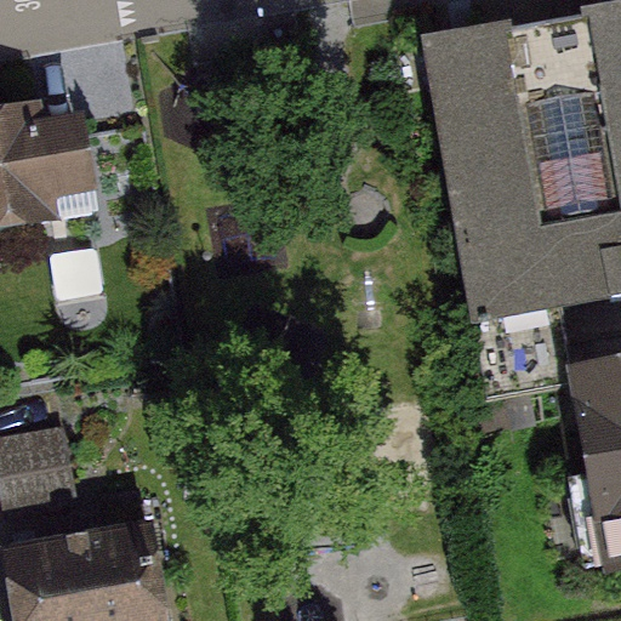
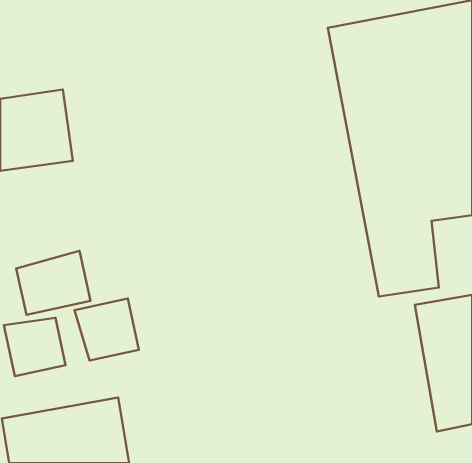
building: none -> [16,251,90,315]
building: none -> [75,299,139,361]

